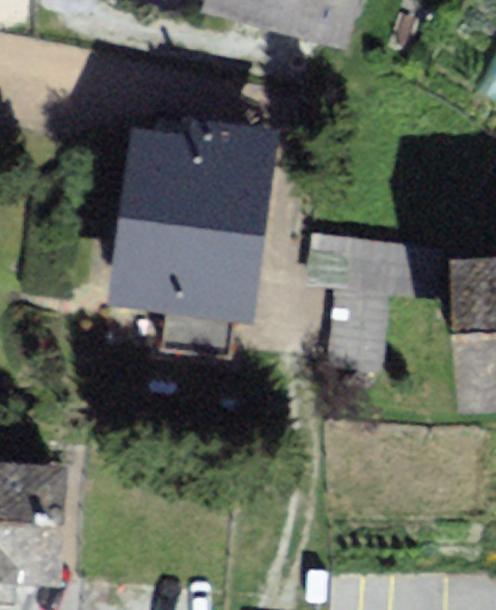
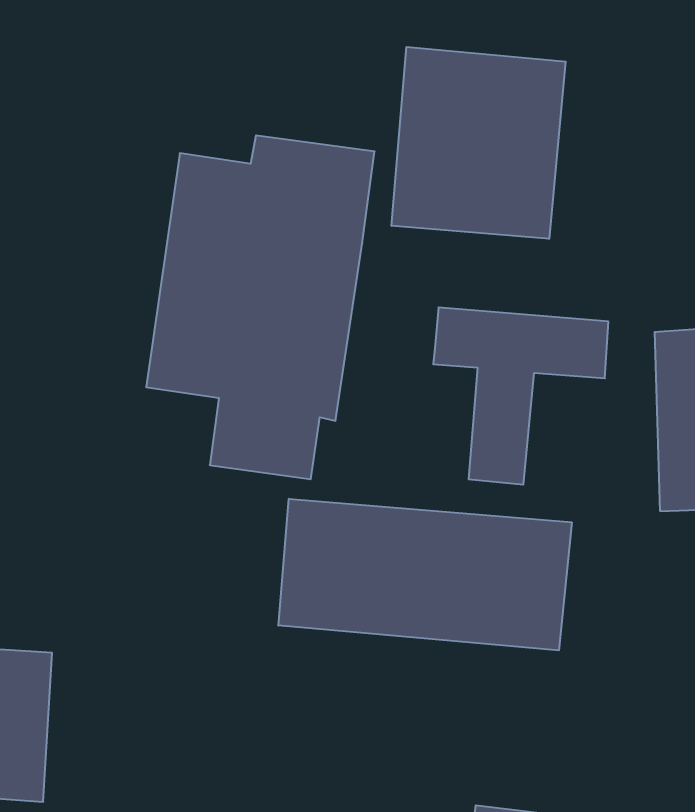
building: none -> [392,47,566,239]
building: none -> [278,499,572,650]

